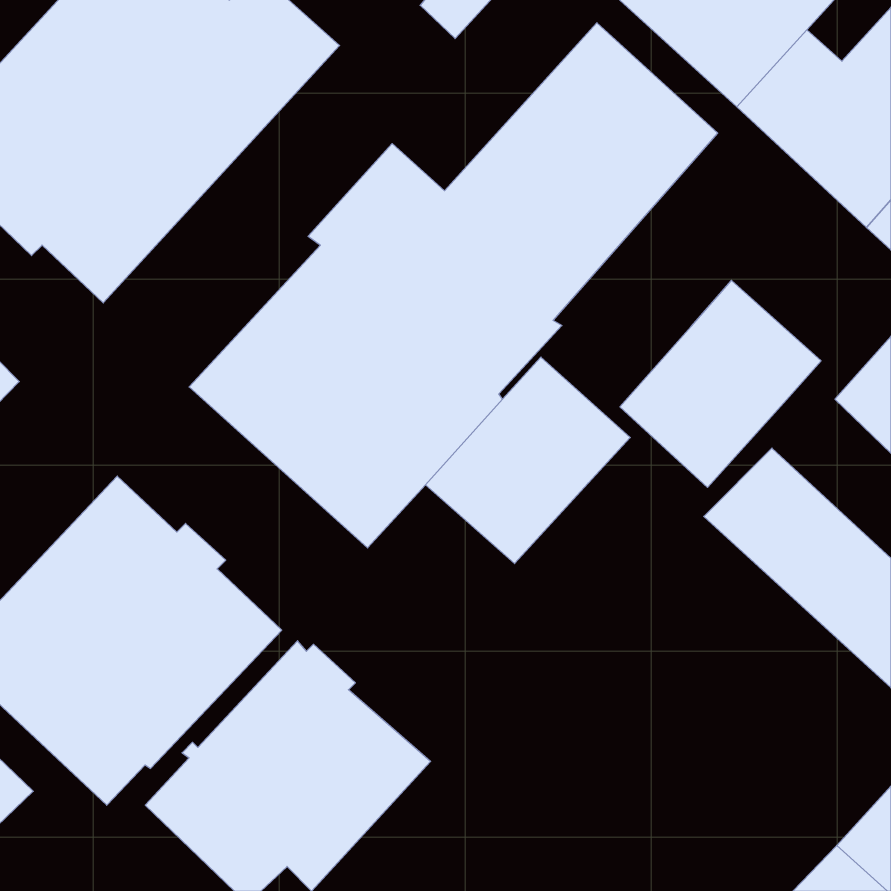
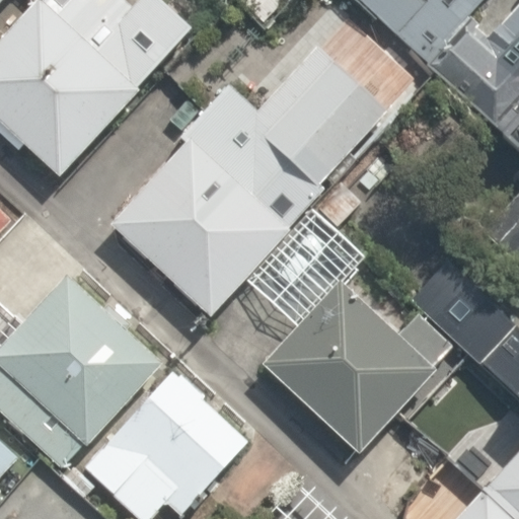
building: [620,280,821,487] -> none
building: none -> [263,280,457,455]

